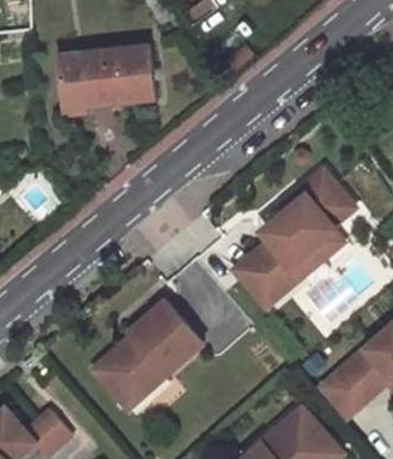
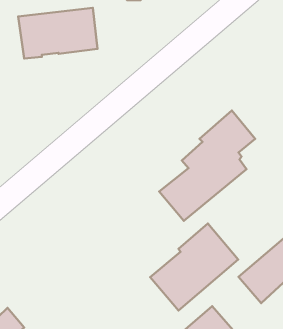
building: [91,302,199,409] -> [150,223,238,310]

